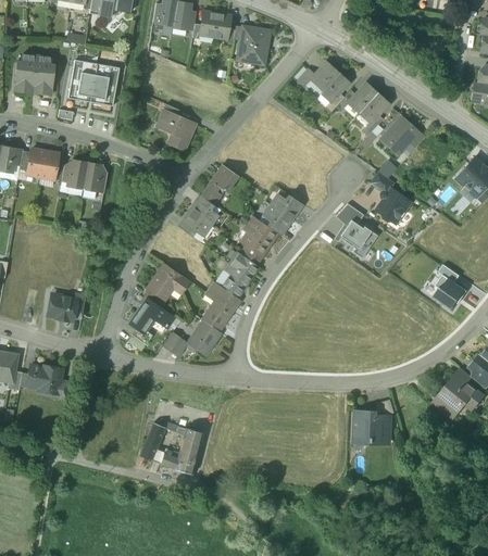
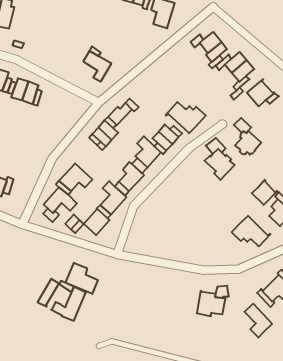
building: [68,60,120,105] -> none
building: none -> [166,102,206,133]
building: none -> [252,180,277,205]
building: none -> [232,216,270,246]
building: none -> [65,263,98,294]
building: none -> [244,304,272,338]

